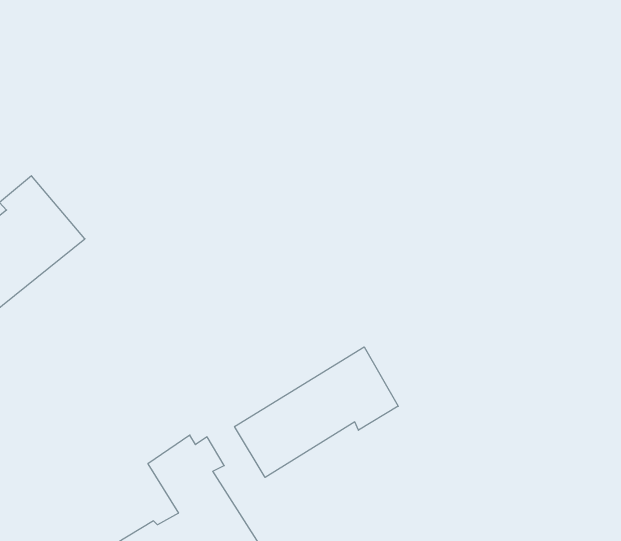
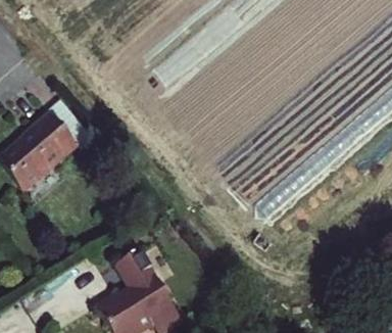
building: [235,347,398,477] -> none

